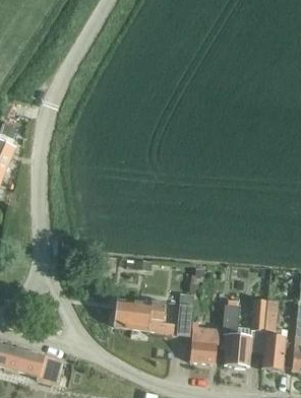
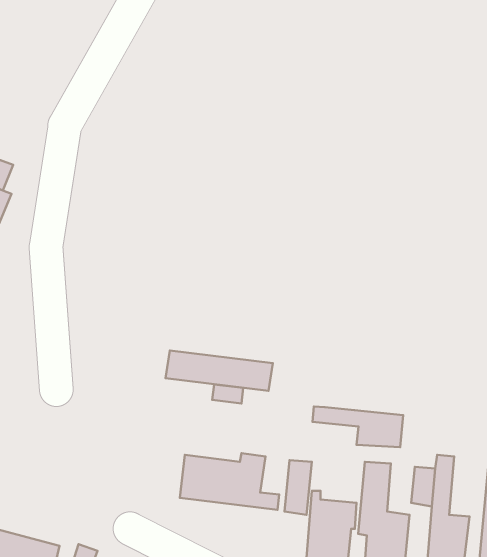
building: none -> [165,351,273,391]
building: none -> [313,407,403,447]

